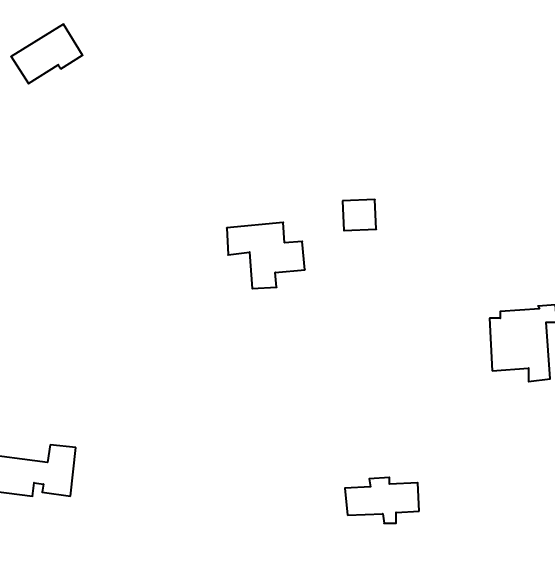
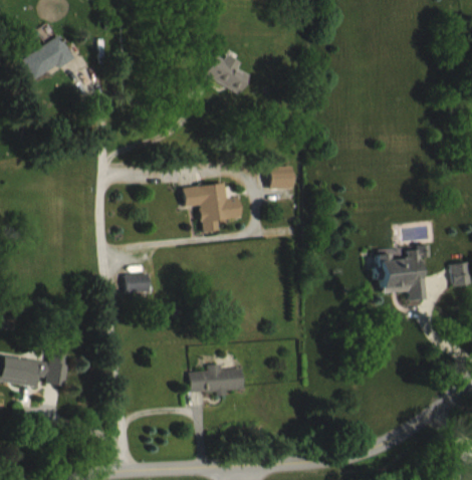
building: none -> [206,54,252,94]
building: none -> [125,273,150,291]
building: [345,477,419,523] -> [190,364,245,398]

